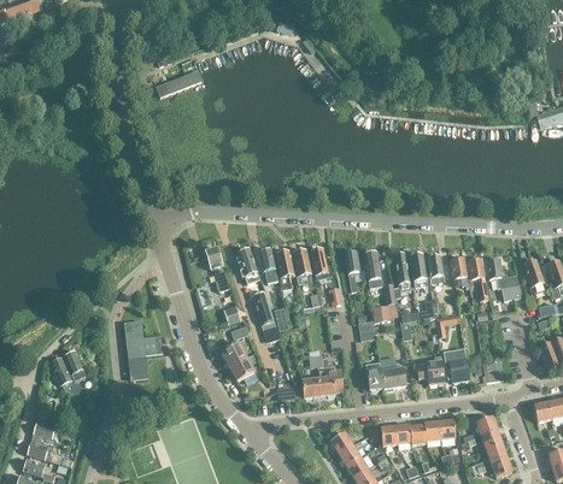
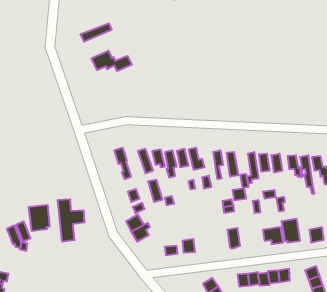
building: none -> [92,51,132,71]
building: none -> [29,205,50,231]
building: [379,358,406,389] -> none
building: [317,367,342,395] -> none

